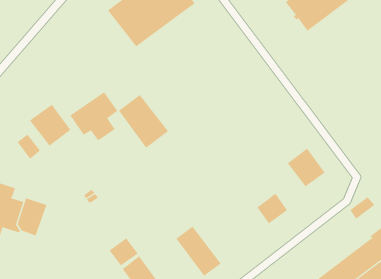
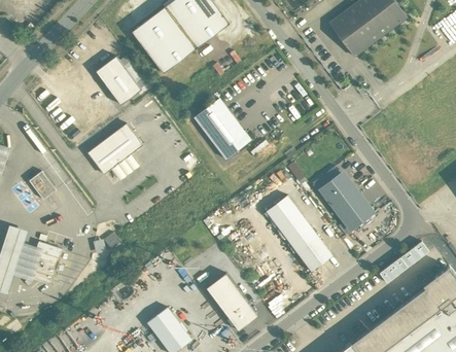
building: none -> [92,54,139,106]
building: [118,94,169,149] -> [194,99,250,160]
building: [29,104,71,147] -> none
building: none -> [317,174,351,202]
building: none -> [266,196,318,253]
building: [109,238,139,266] -> none

